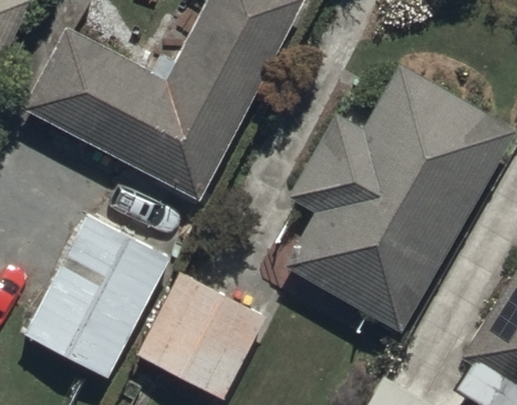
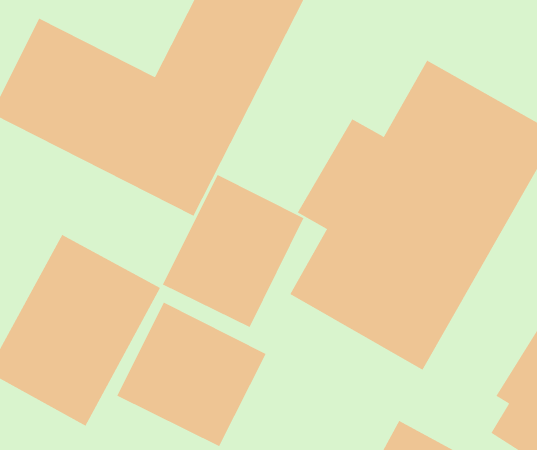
building: none -> [162,174,304,328]

